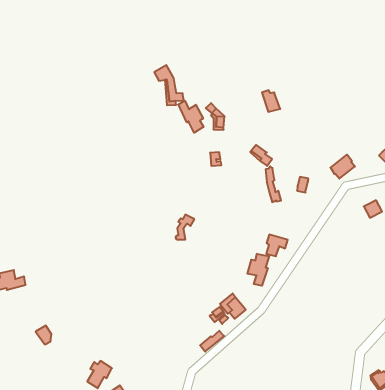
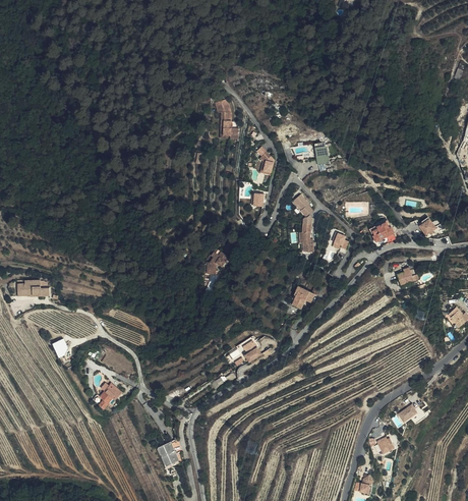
building: [178,101,204,133] -> none
building: [247,254,269,286] -> none

